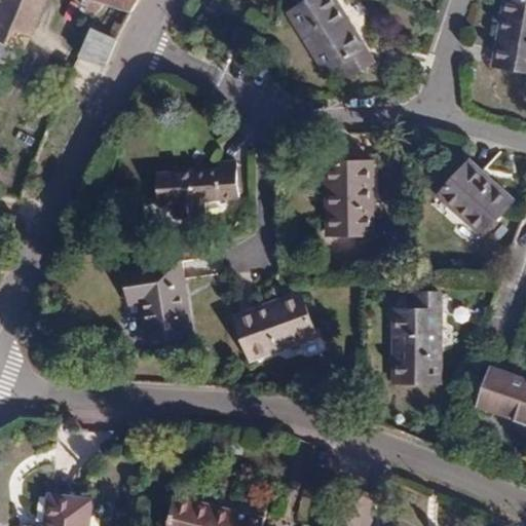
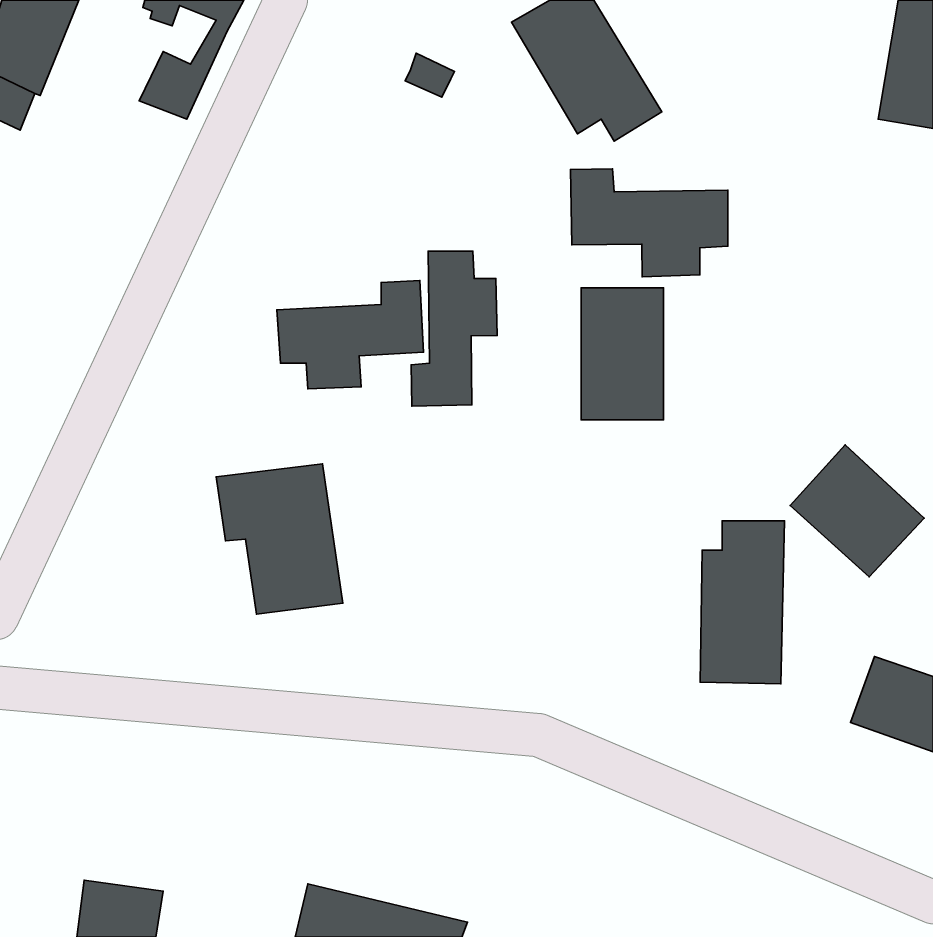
building: none -> [570,169,728,277]
building: none -> [411,251,497,406]
building: [437,161,512,235] -> [790,445,924,577]
building: [232,292,315,360] -> none

